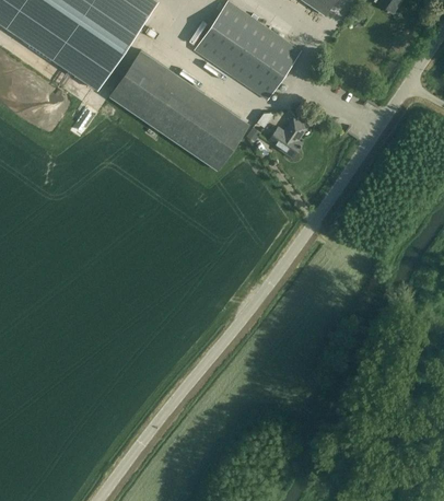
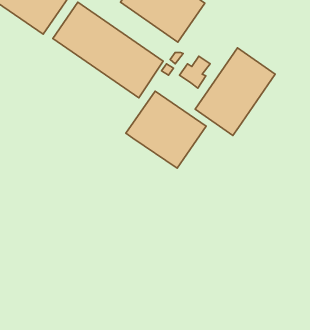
building: none -> [195,48,275,135]
building: none -> [126,91,206,168]

